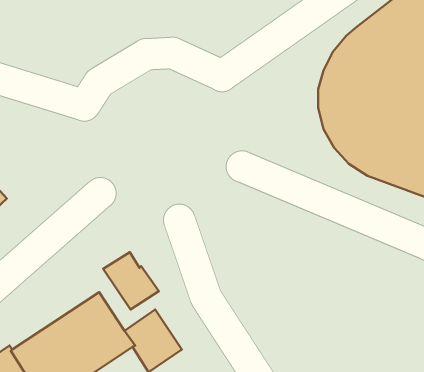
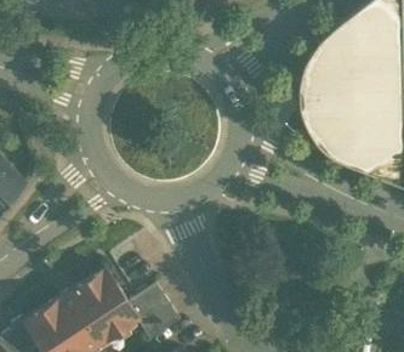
building: [103,252,159,310] -> none

